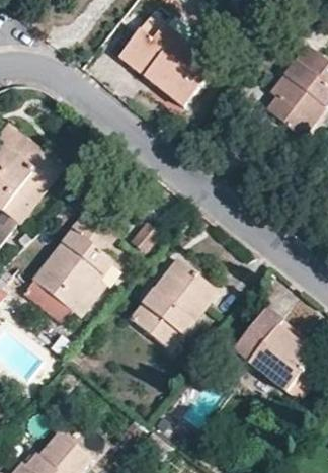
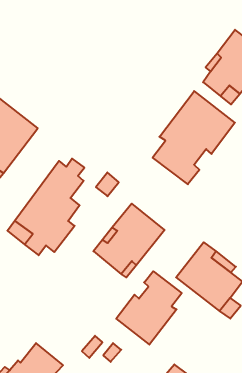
building: [117,15,213,106] -> none
building: none -> [153,91,235,184]
building: none -> [116,271,182,345]

